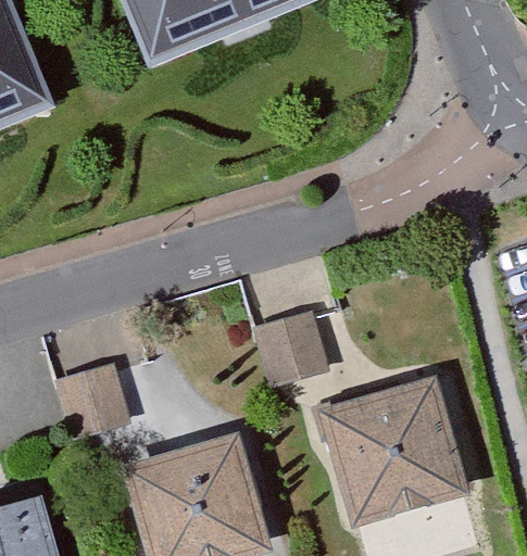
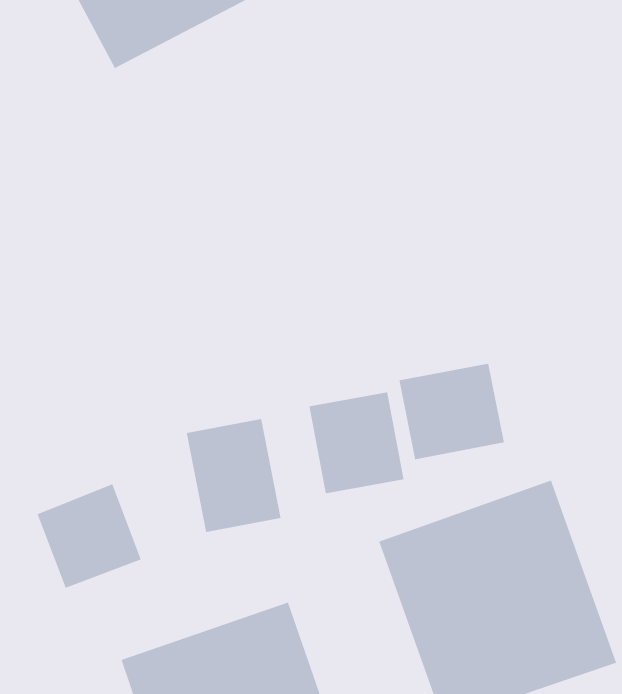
building: none -> [399,363,505,460]
building: none -> [186,418,282,533]

